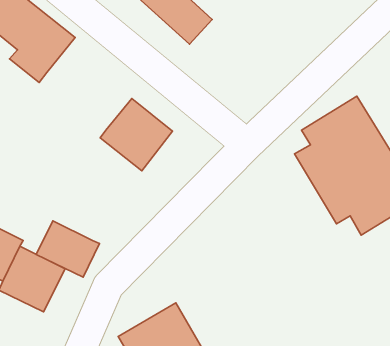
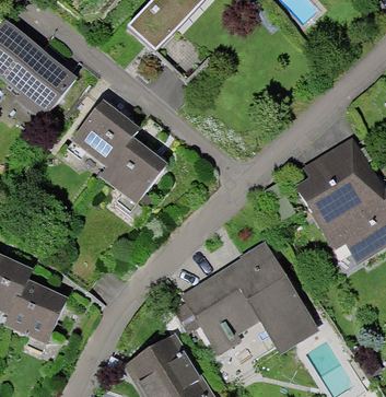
building: none -> [73,98,140,166]
building: none -> [174,241,318,358]
building: [36,221,99,277] -> none

